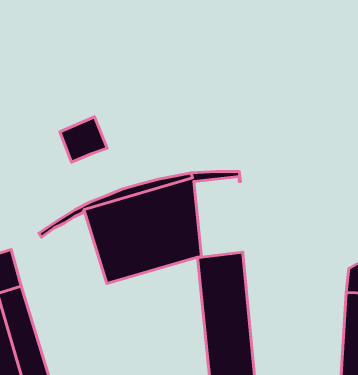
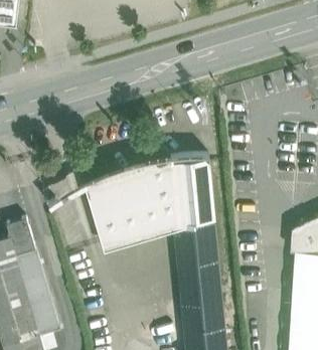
building: [60,117,107,162] -> none
building: none -> [172,160,214,224]

